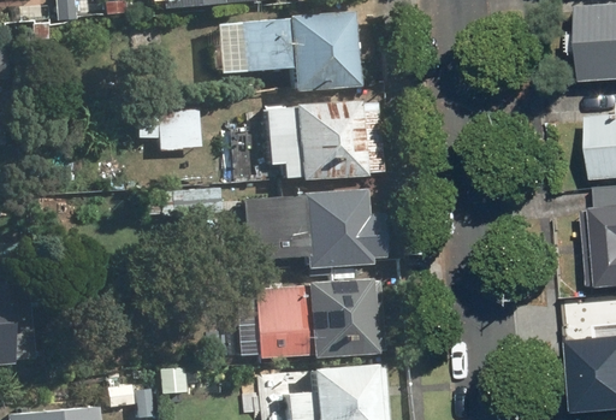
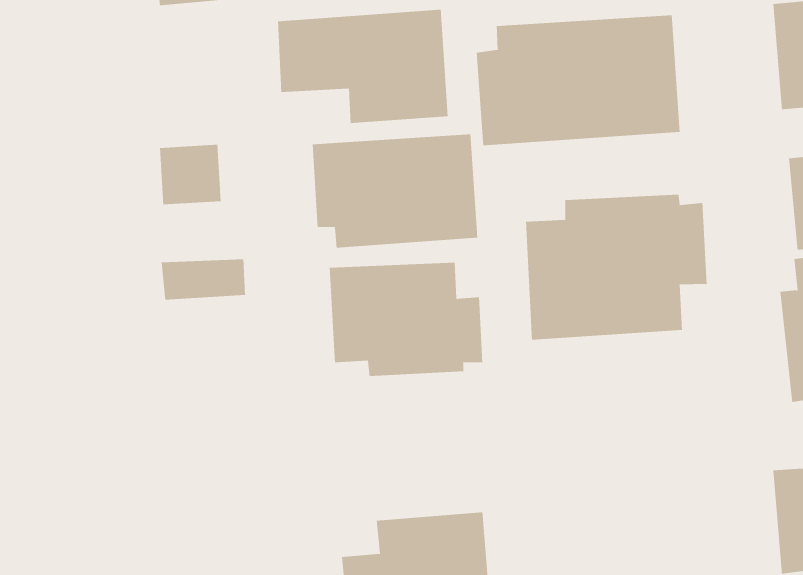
building: none -> [476,15,680,146]
building: none -> [525,194,707,340]
building: [251,282,380,360] -> none

